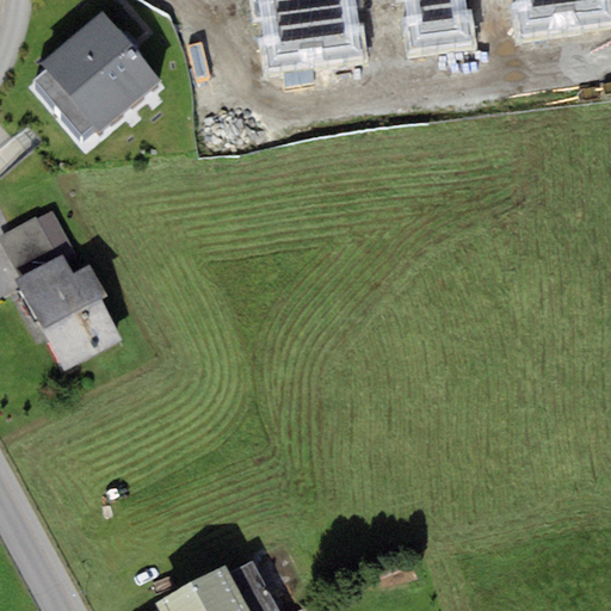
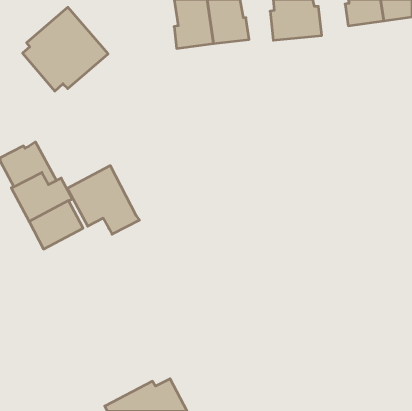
building: none -> [67,166,139,234]

